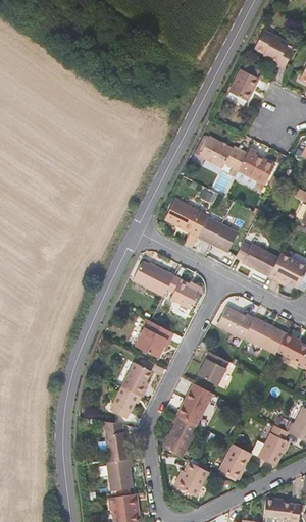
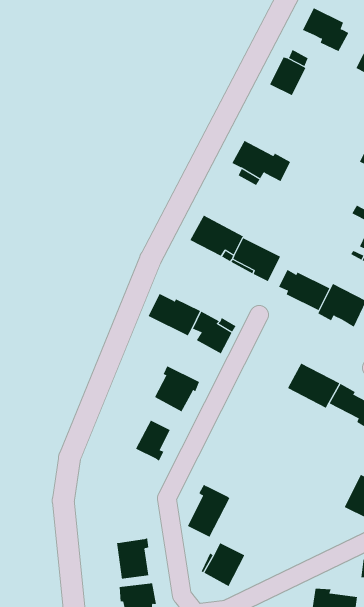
building: [238,147,274,185] -> none
building: [216,305,254,337] -> none
building: [197,349,228,384] -> none
building: [177,382,212,424] -> none
building: [108,385,137,418] -> none
building: [102,419,128,461] -> none
building: [258,424,288,465] -> none
building: [219,443,251,479] -> none

